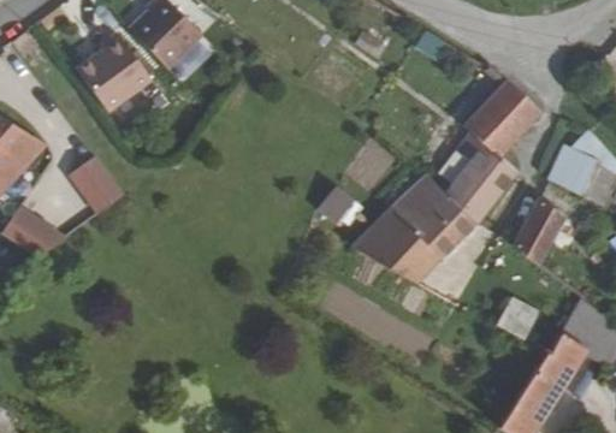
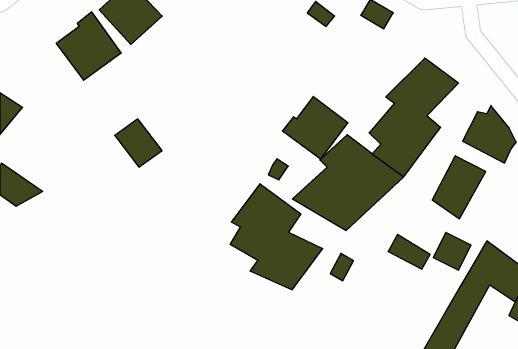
building: none -> [282,96,348,159]
building: [76,160,130,215] -> [115,119,162,167]
building: none -> [230,184,323,290]

